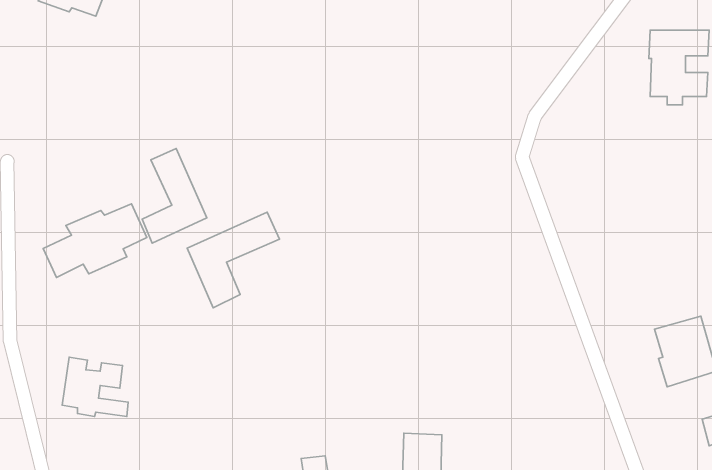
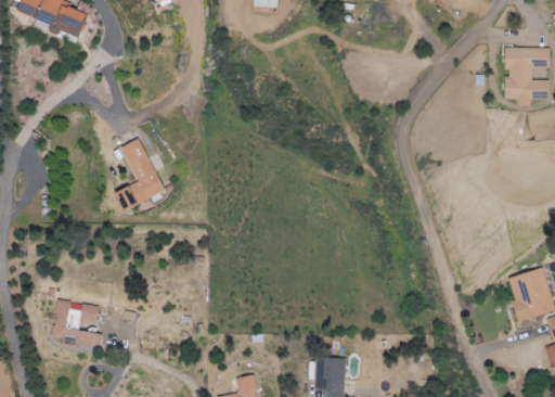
building: [43,204,147,277] -> none
building: [187,212,279,308] -> none

